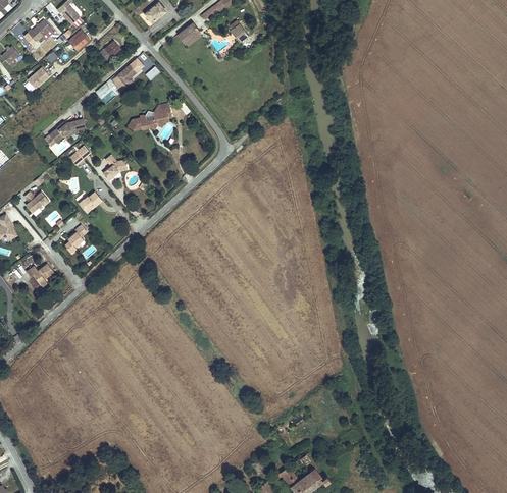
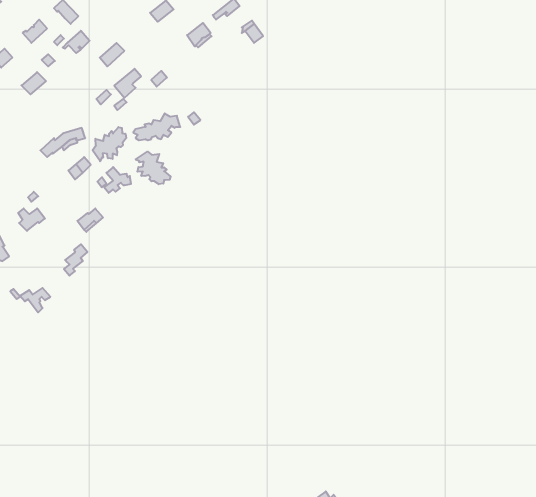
building: none -> [93,127,126,161]
building: none -> [136,152,171,184]

